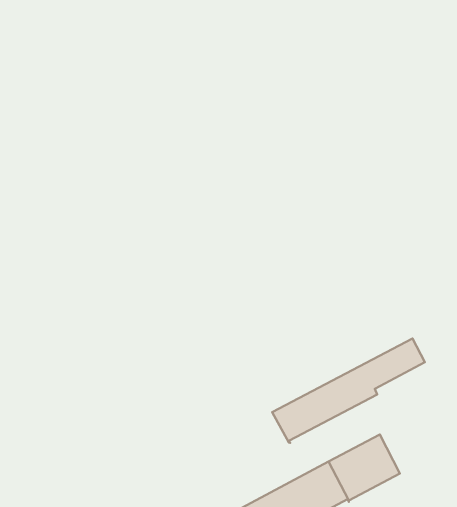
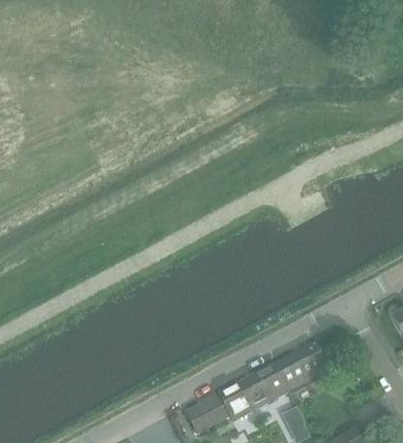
building: [272,338,425,443] -> none

